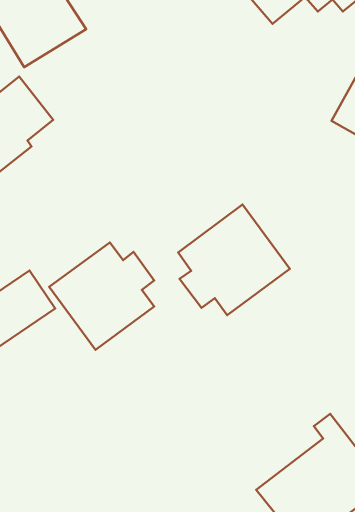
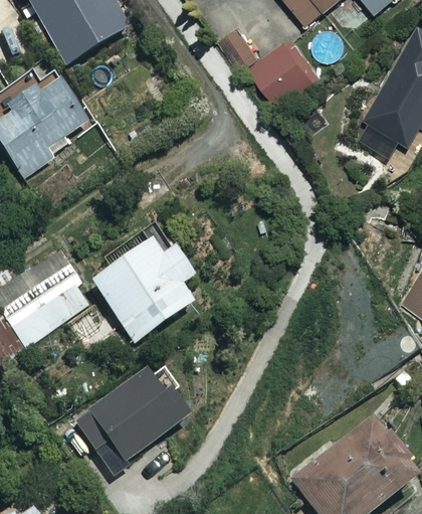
building: none -> [252,43,313,105]
building: [178,205,290,315] -> none
building: none -> [74,368,188,470]

